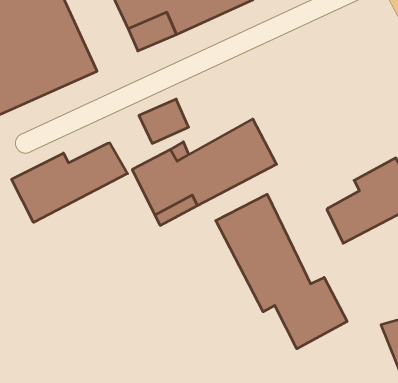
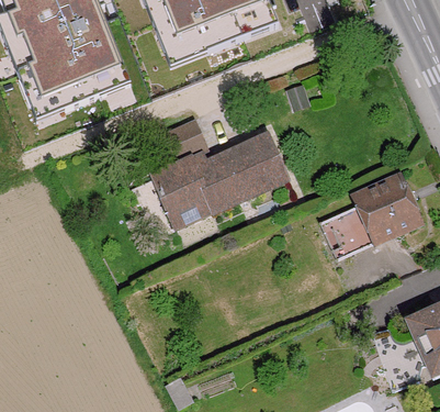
building: [12,143,128,222] -> none
building: [216,194,347,349] -> none

